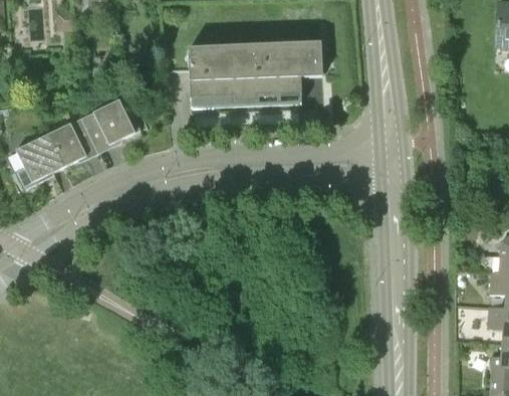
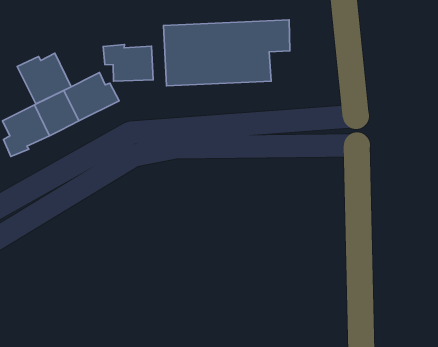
building: none -> [103,45,153,81]
building: none -> [17,53,71,104]

